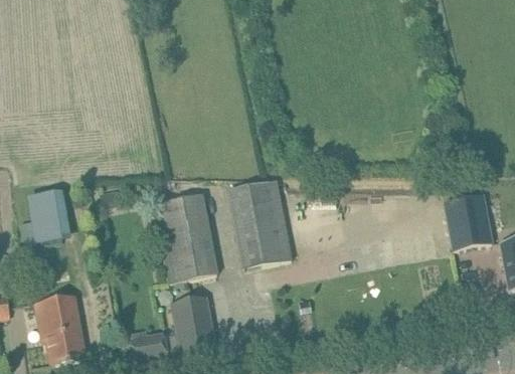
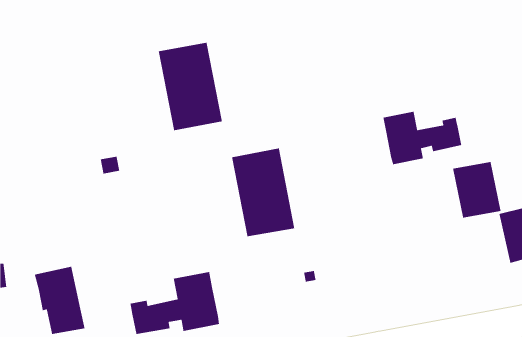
building: none -> [383,111,462,165]
building: [20,188,65,242] -> none
building: [154,194,217,282] -> [158,42,223,131]

